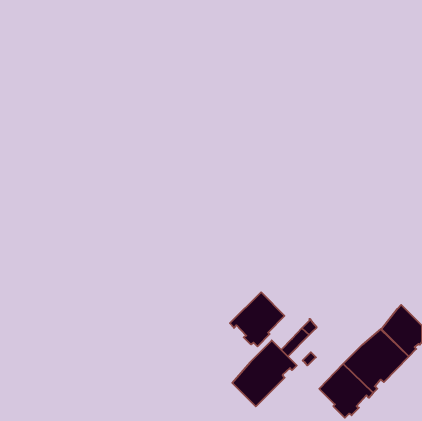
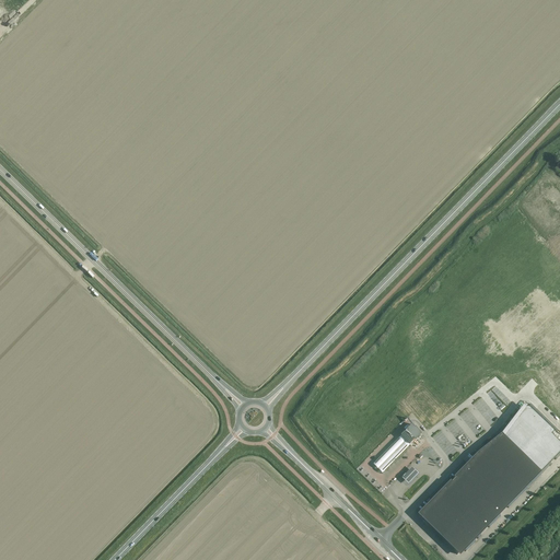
building: [230,292,284,346] -> none
building: [232,340,297,406] -> none

